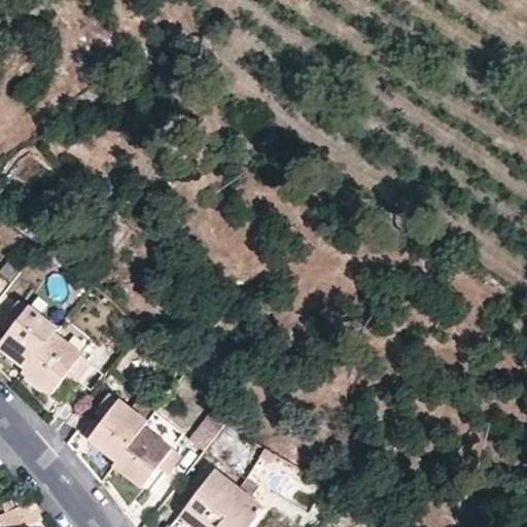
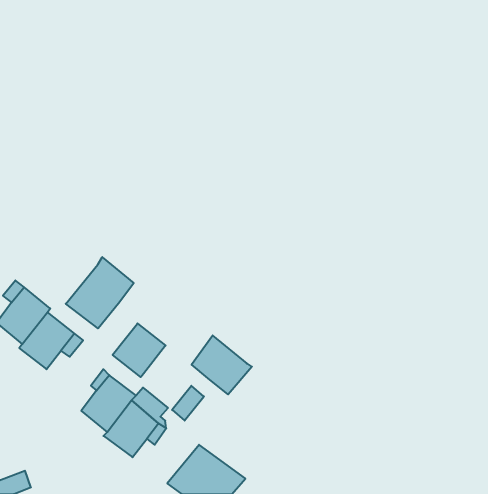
building: none -> [66,257,134,328]
building: none -> [113,323,166,377]
building: none -> [192,335,252,394]

